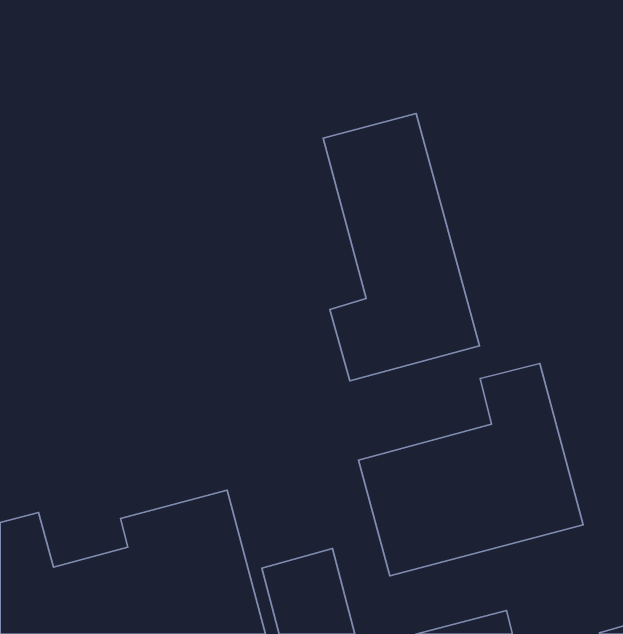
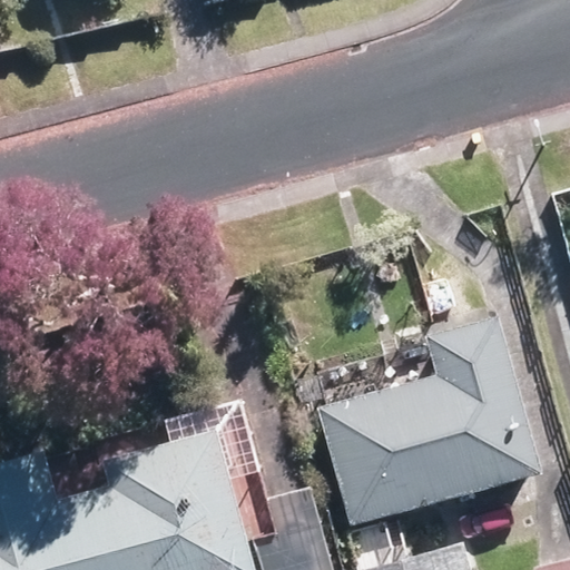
building: [323,113,480,381] -> none

